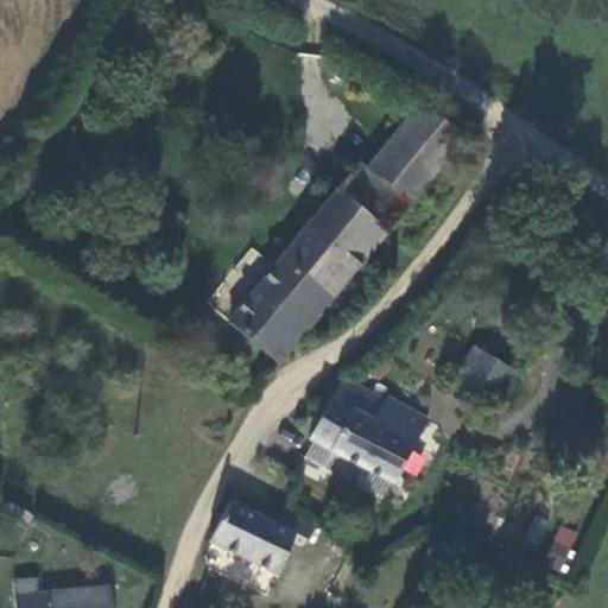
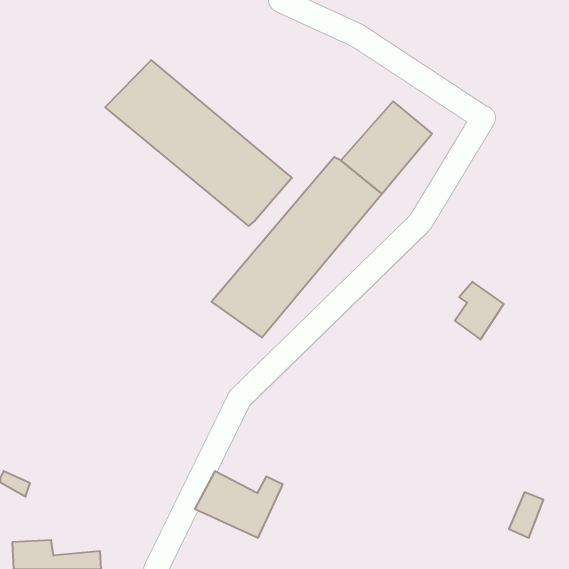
building: none -> [105,60,292,226]
building: [457,346,509,407] -> [455,282,504,340]
building: [310,380,426,484] -> none

